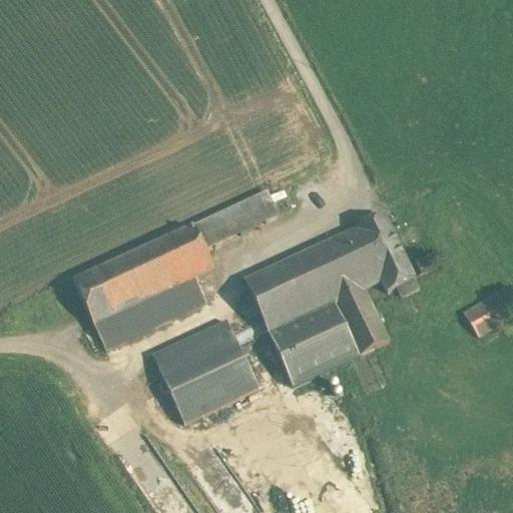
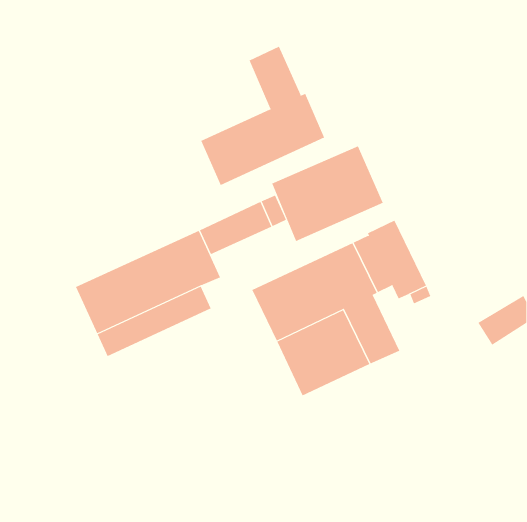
building: none -> [200,46,325,186]
building: none -> [271,145,384,242]
building: [152,320,259,422] -> none

